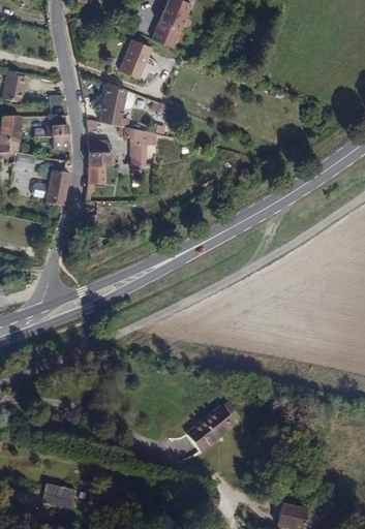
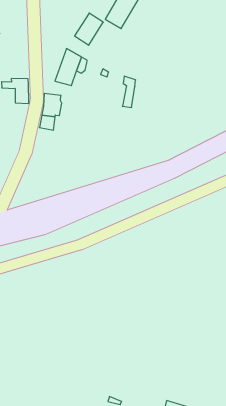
building: [130,128,145,165] -> [122,76,136,107]
building: [47,170,69,205] -> none
building: [182,400,235,450] -> none

